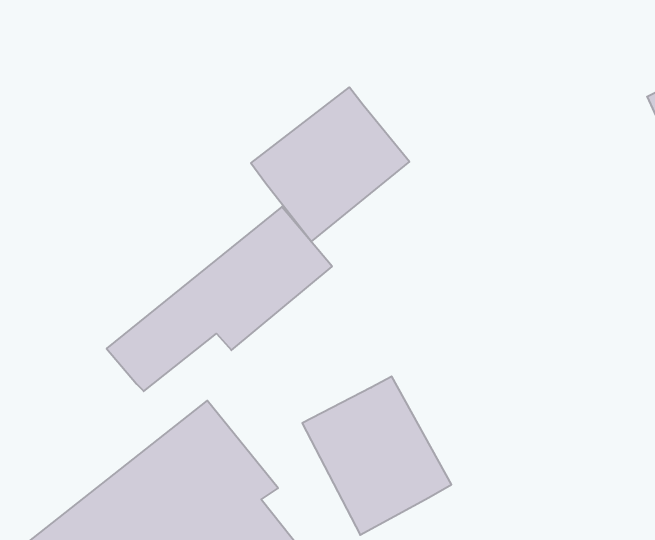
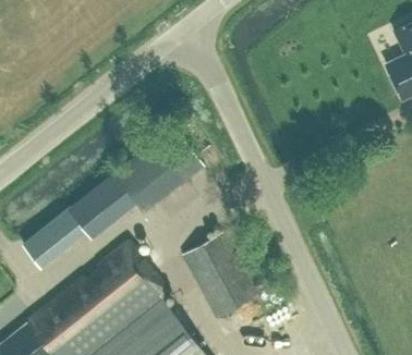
building: [251,87,409,242] -> none
building: none -> [24,211,86,269]

